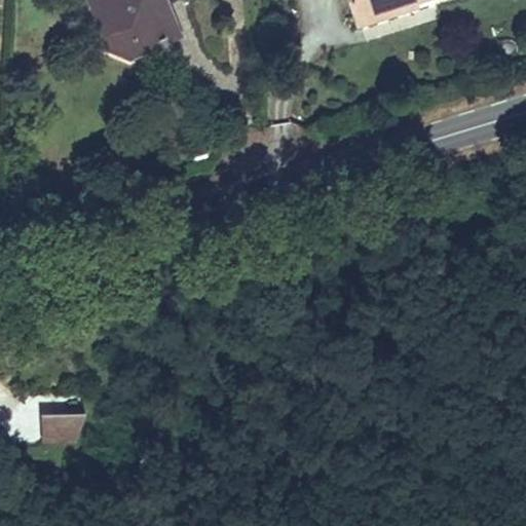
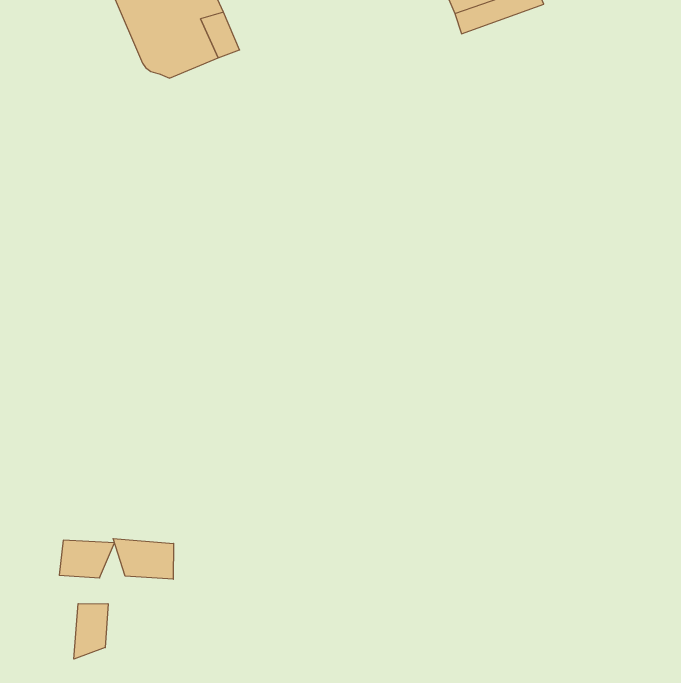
building: none -> [113,539,174,579]
building: none -> [74,604,108,659]

